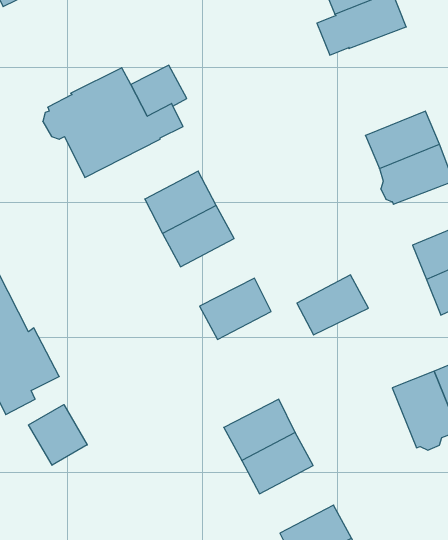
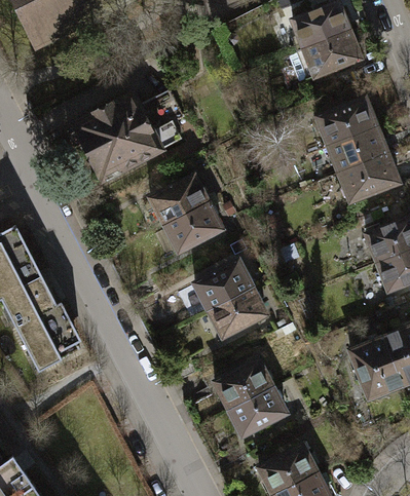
building: none -> [314,98,376,147]
building: [297,275,368,335] -> [209,289,266,337]
building: [28,405,87,465] -> none

